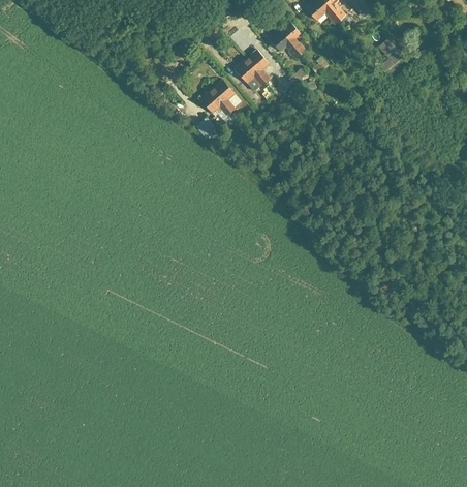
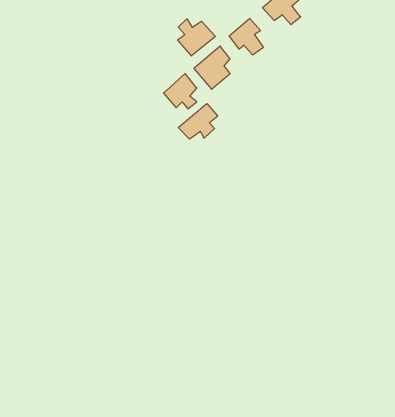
building: none -> [178,19,215,56]
building: none -> [178,104,218,139]

